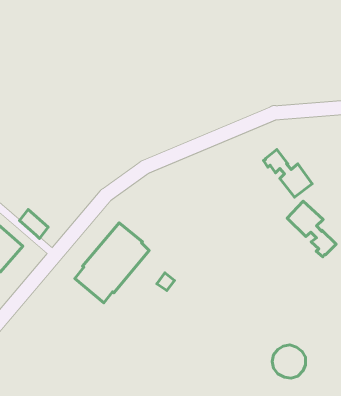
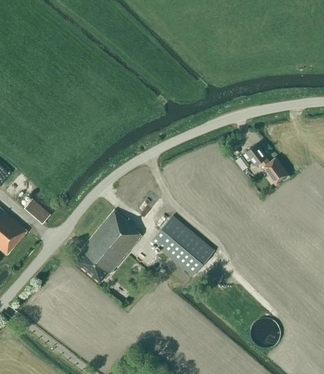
building: [287,201,336,257] -> none
building: none -> [151,215,214,276]

